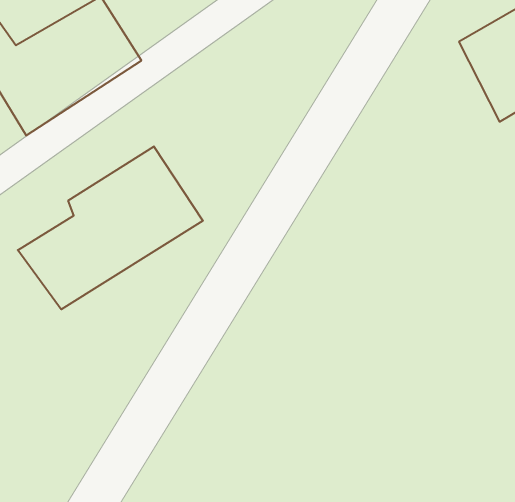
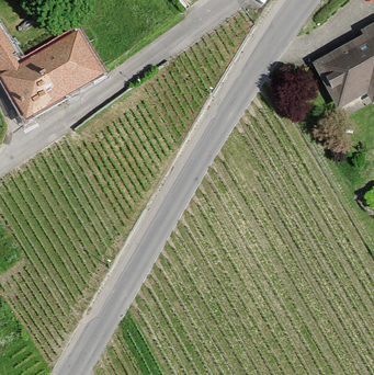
building: [18,146,203,309] -> none

